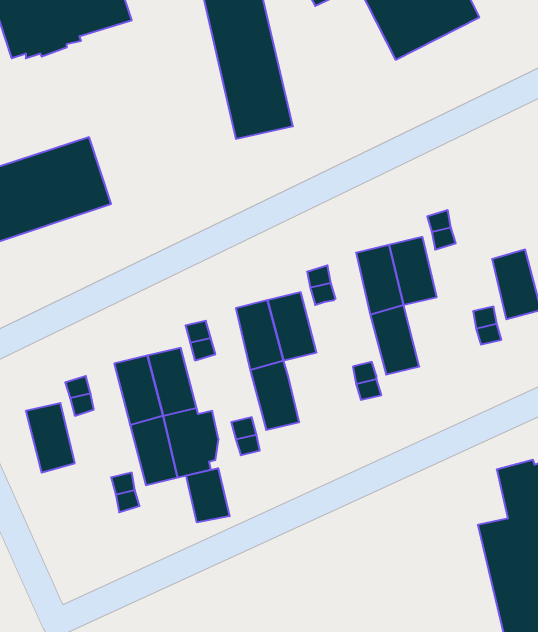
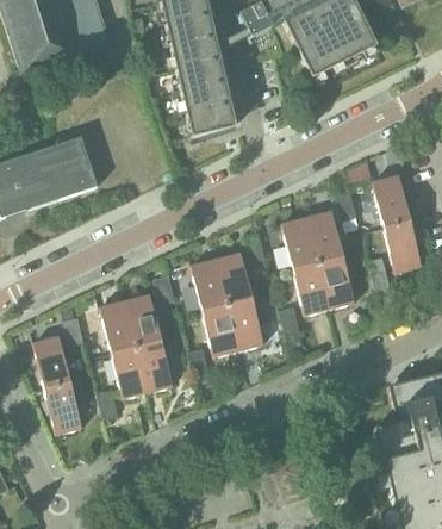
building: none -> [374,174,411,226]
building: none -> [319,255,356,307]
building: none -> [229,294,272,349]
building: none -> [46,378,86,432]
building: [186,468,230,522] -> none

